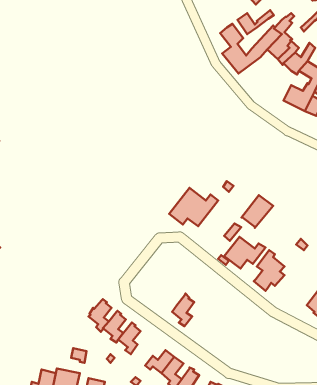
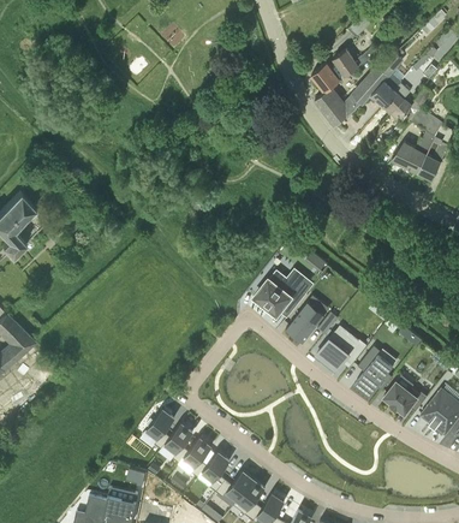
building: [241,195,273,228] -> [285,302,324,343]
building: none -> [383,381,427,414]
building: [172,294,194,326] -> [202,450,230,491]

